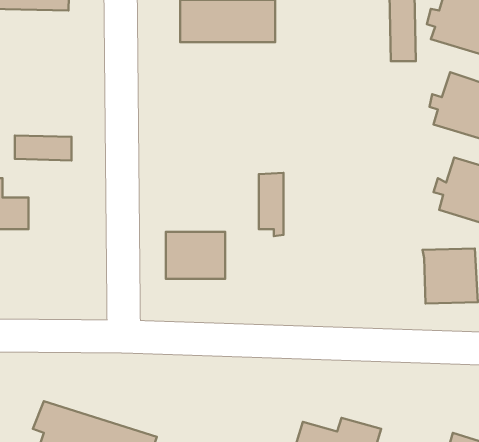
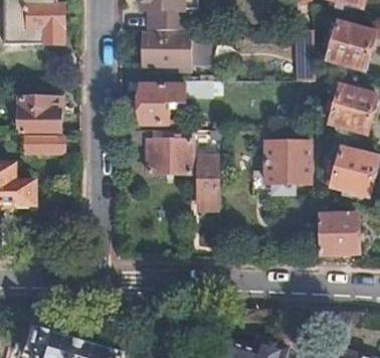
building: none -> [141,77,236,123]
building: none -> [17,96,57,128]
building: none -> [265,139,308,181]
building: [166,232,225,279] -> [147,137,190,171]

